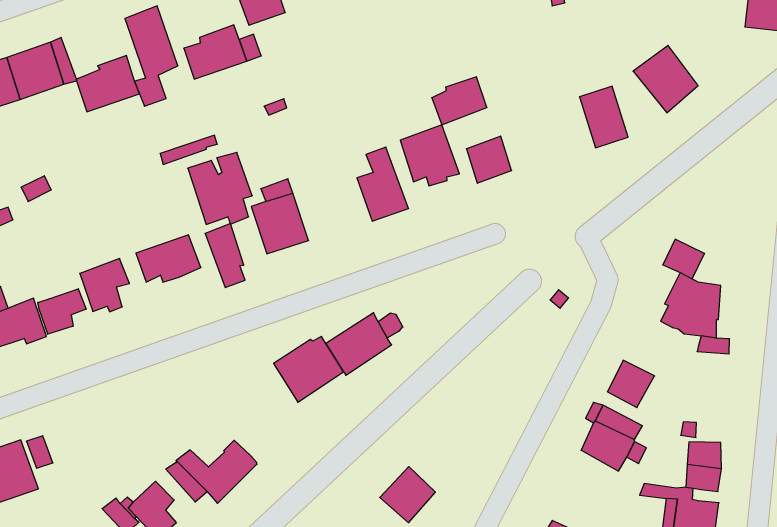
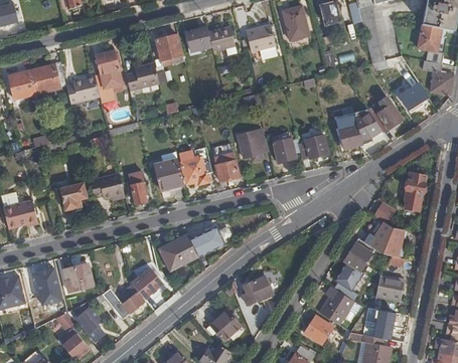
building: none -> [399,83,427,110]
building: none -> [354,109,383,144]
building: [432,77,487,125] -> [298,134,327,158]
building: [188,152,252,224] -> [178,146,211,184]
building: none -> [404,170,426,212]
building: [38,289,86,334] -> none
building: none -> [343,237,374,271]
building: none -> [377,274,405,300]
building: none -> [241,278,270,305]
building: none -> [61,262,93,292]
building: none -> [131,270,159,300]
building: none -> [33,268,60,305]
building: none -> [305,315,332,342]

